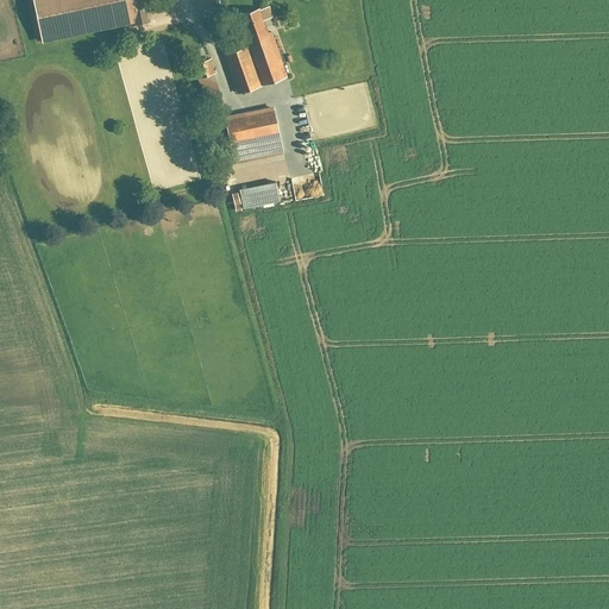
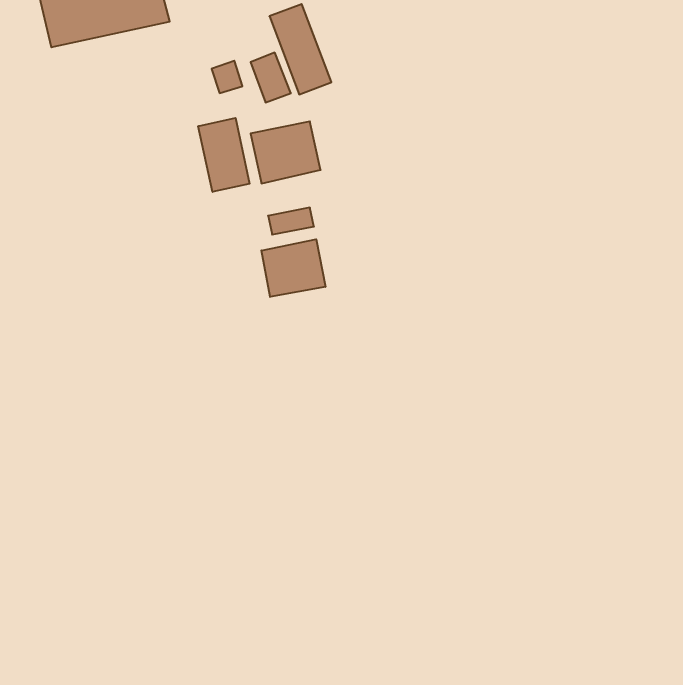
building: none -> [198,118,250,192]
building: none -> [261,239,325,297]

